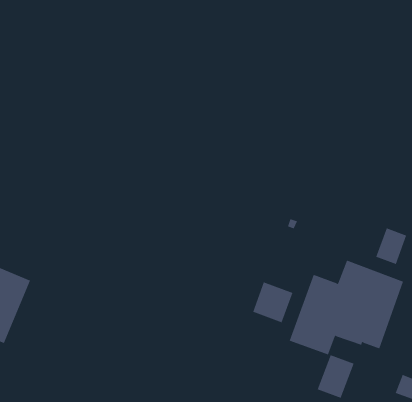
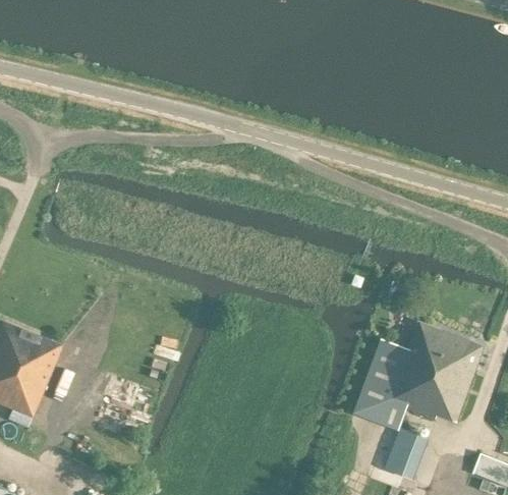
building: [376,228,407,265] -> none
building: [252,281,293,323] -> none

